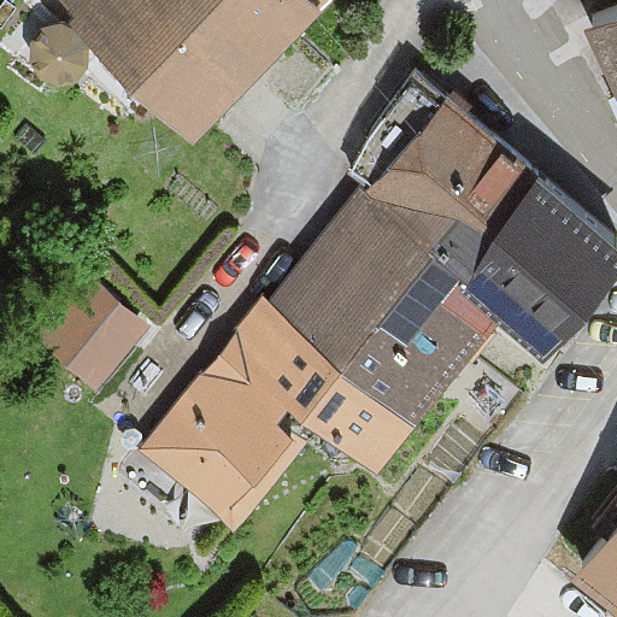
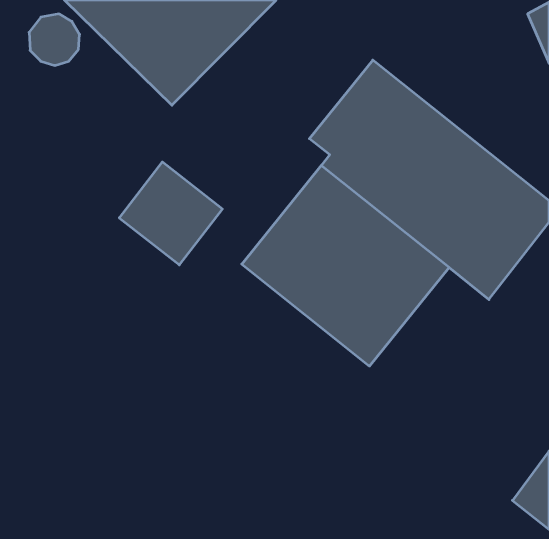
building: [30,272,146,388] -> [119,162,222,265]
building: [142,307,415,527] -> none

